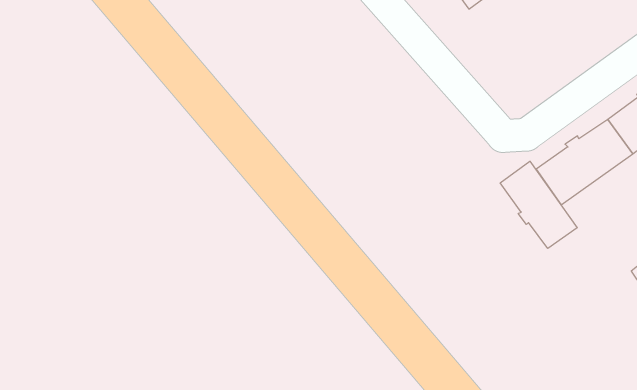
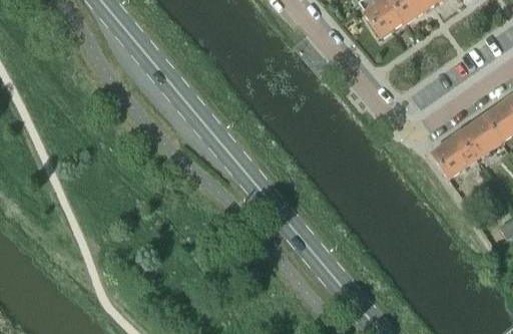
building: [500,161,577,248] -> none

